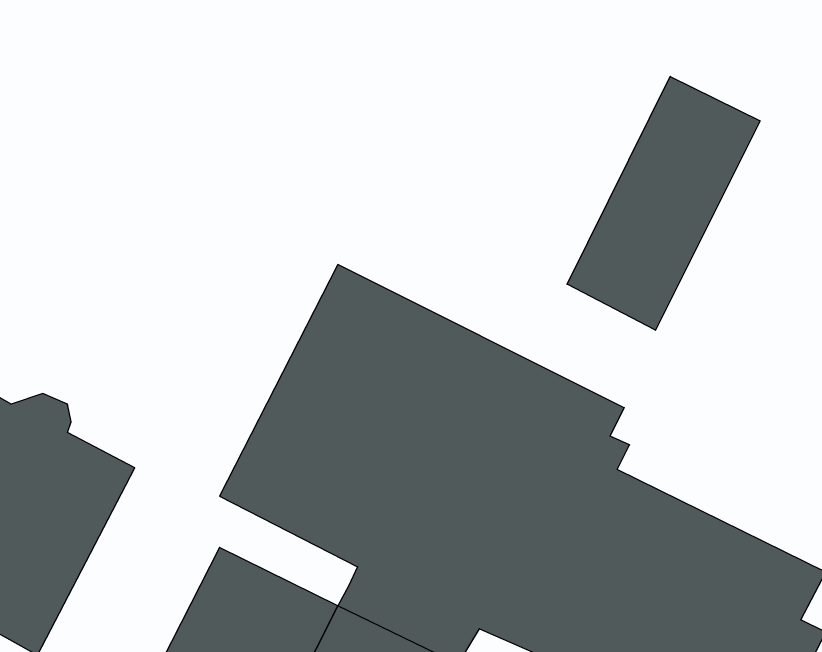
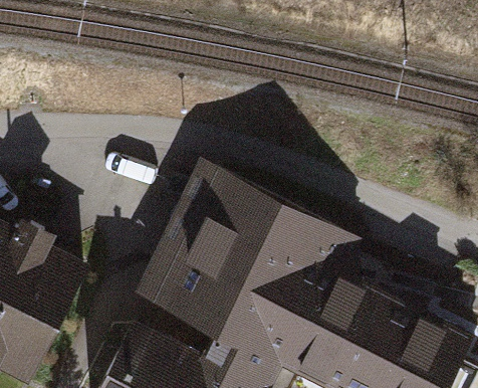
building: [567,76,760,330] -> none

